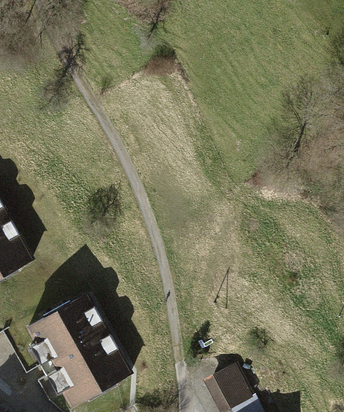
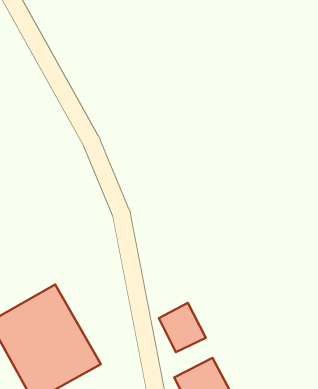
building: none -> [159,303,206,352]

